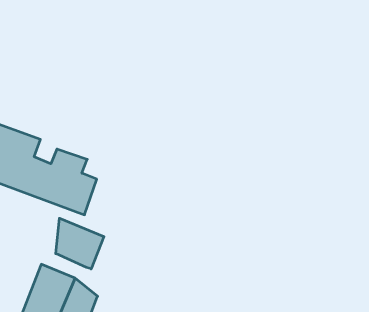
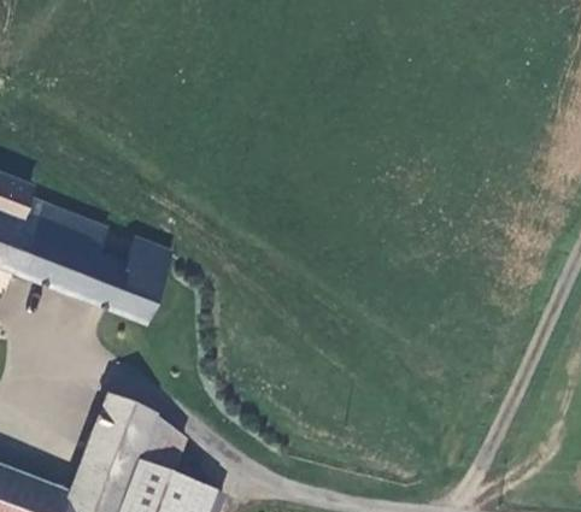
building: [56,218,104,269] -> none

